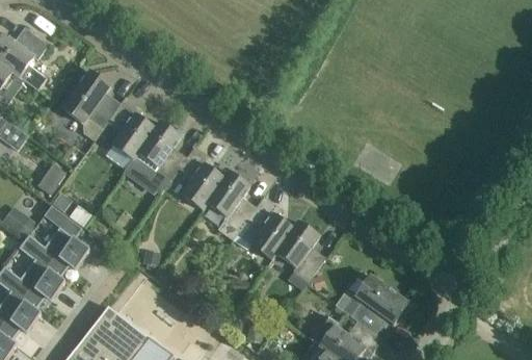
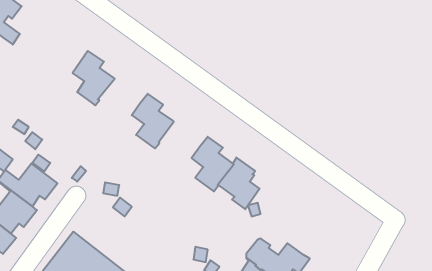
building: [61,71,121,140] -> none
building: [123,121,186,196] -> none
building: [207,171,256,239] -> none
building: [335,276,408,334] -> none

